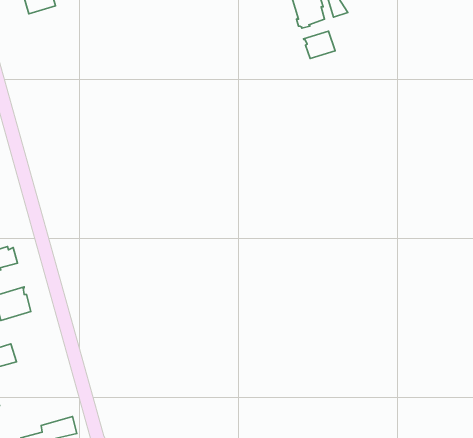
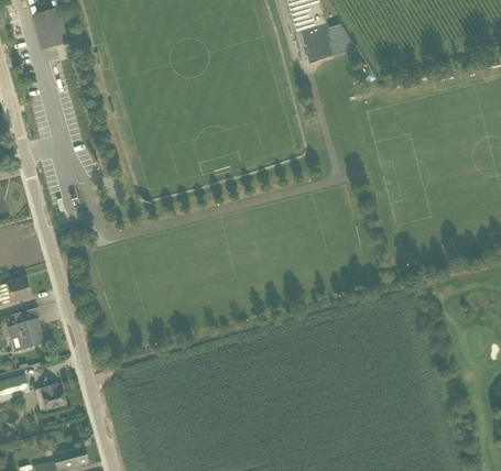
building: [303,31,335,59] -> none
building: none -> [41,383,67,409]

